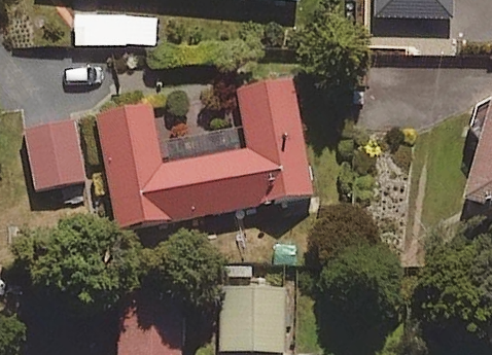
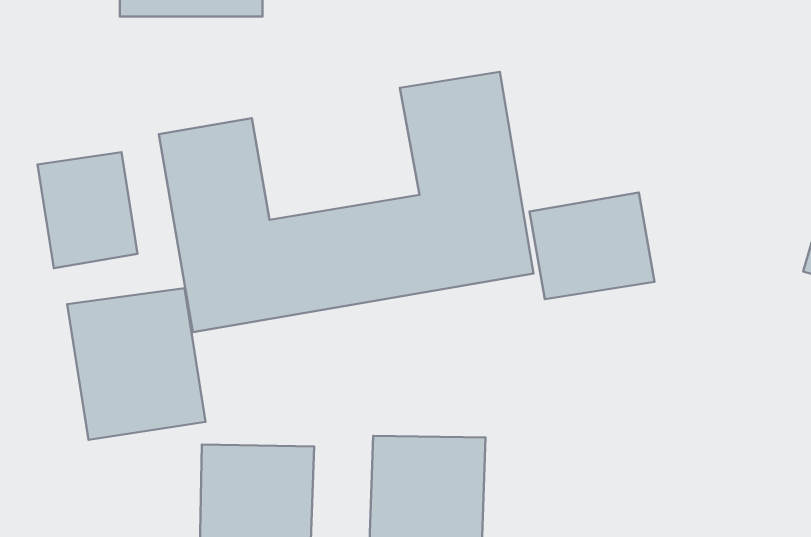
building: none -> [530,193,654,299]
building: none -> [67,288,205,440]

